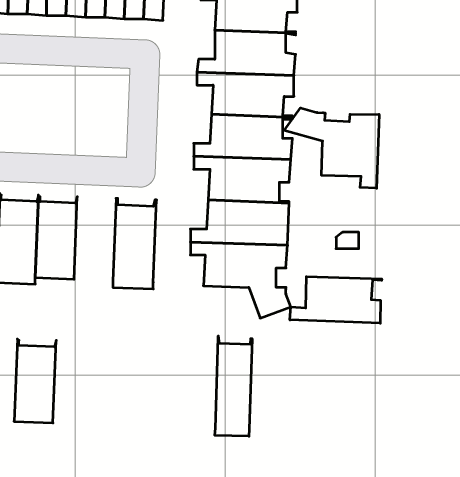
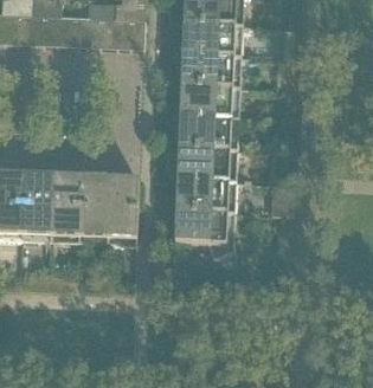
building: [284,108,379,188] -> none
building: [290,277,382,323] -> none
building: [215,336,252,436] -> none
building: [14,339,56,423] -> [78,175,109,237]

